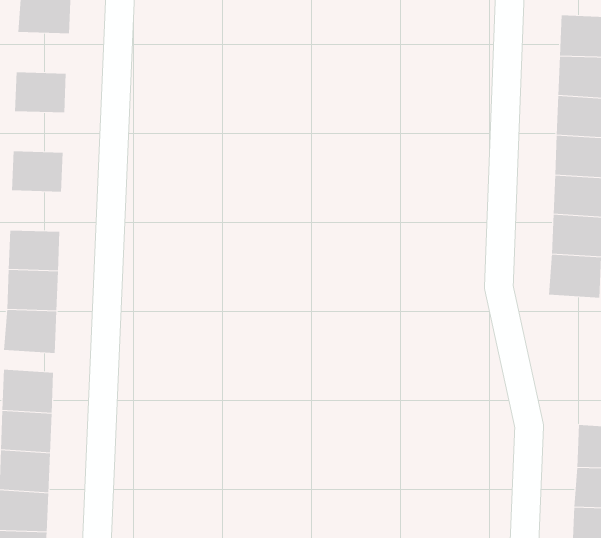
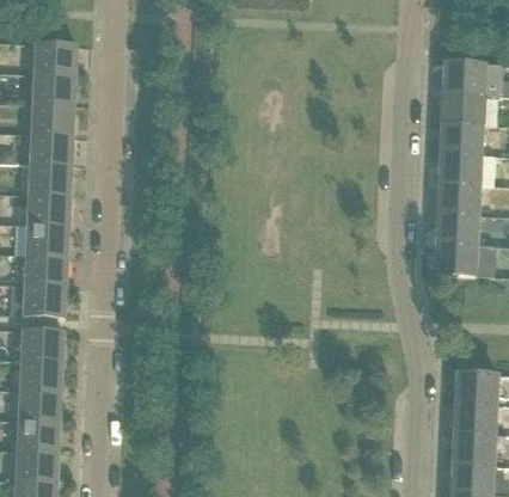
building: none -> [33,72,74,103]
building: none -> [31,131,70,162]
building: none -> [29,191,68,222]

